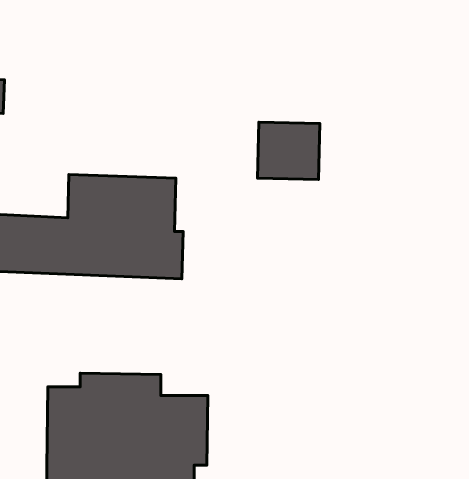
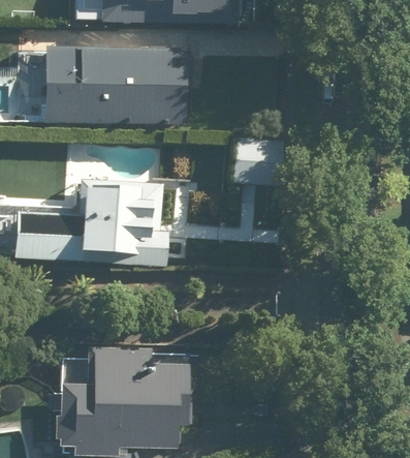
building: none -> [40,44,191,125]

